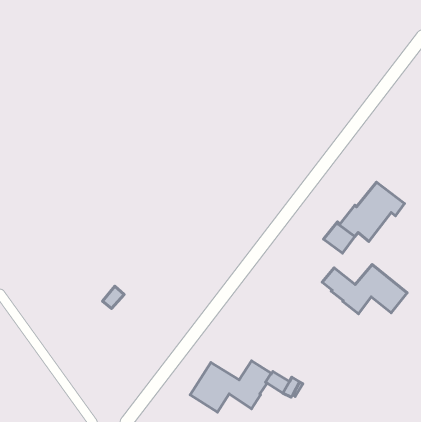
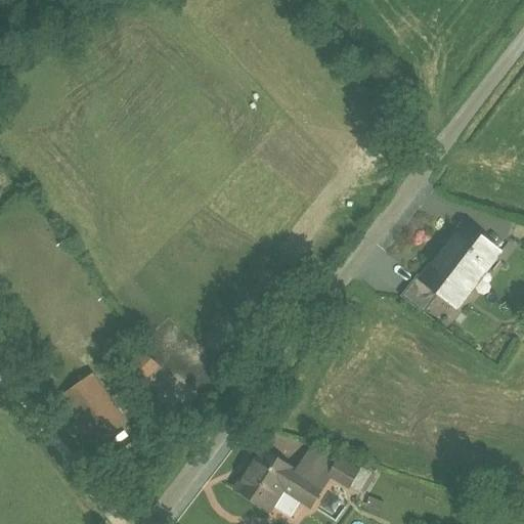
building: [322,264,407,314] -> none
building: none -> [54,368,125,445]

